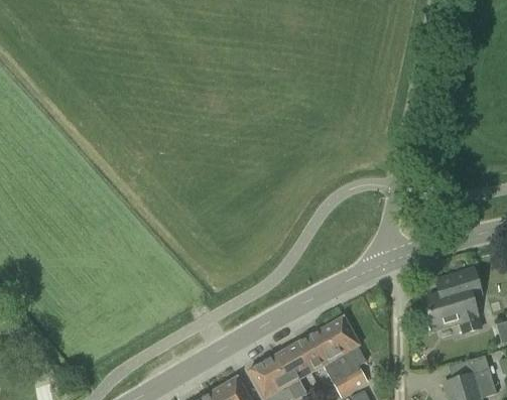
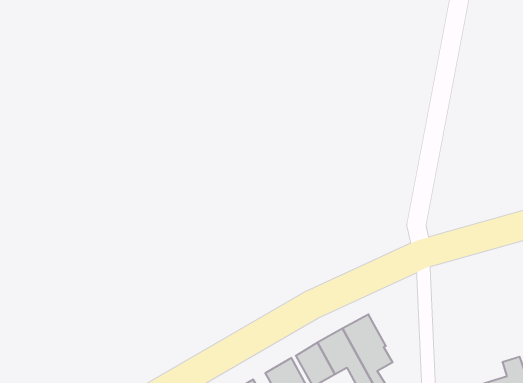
building: [421,268,482,334] -> none

